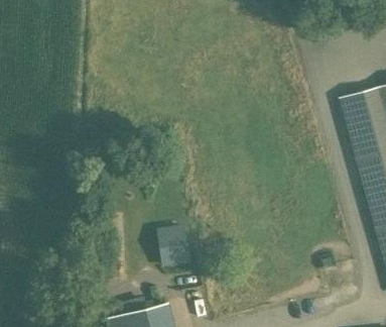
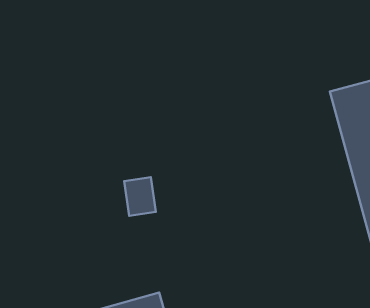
building: [157,229,189,268] -> [124,177,156,216]

